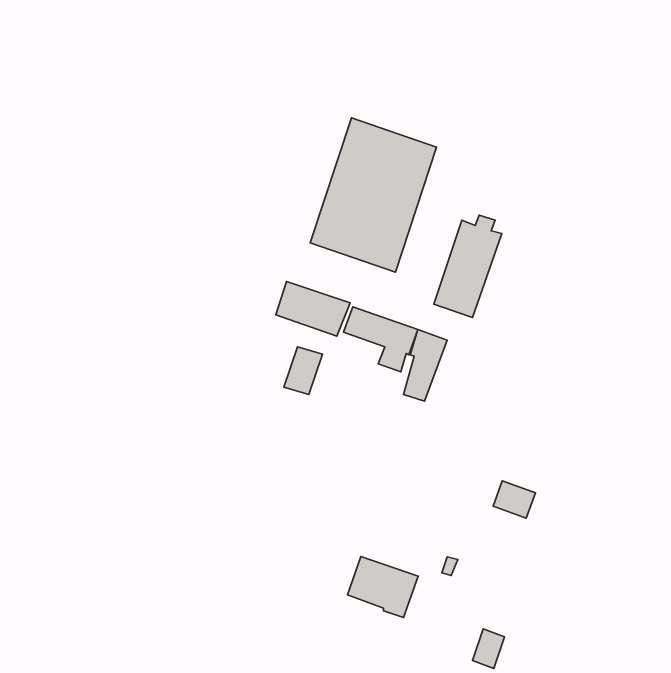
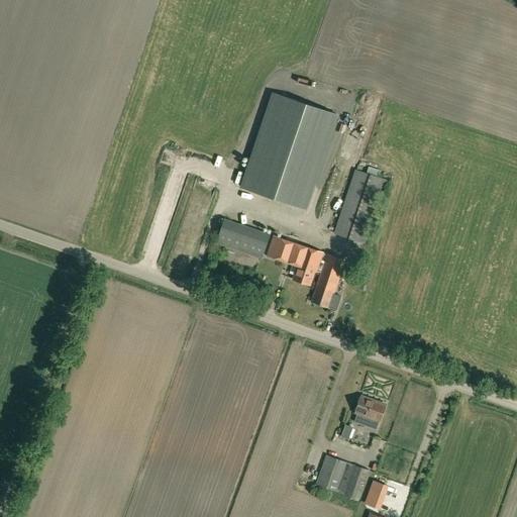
building: [284,347,322,394] -> none
building: [493,481,536,518] -> [353,396,386,424]
building: [348,556,418,618] -> [315,455,369,502]

